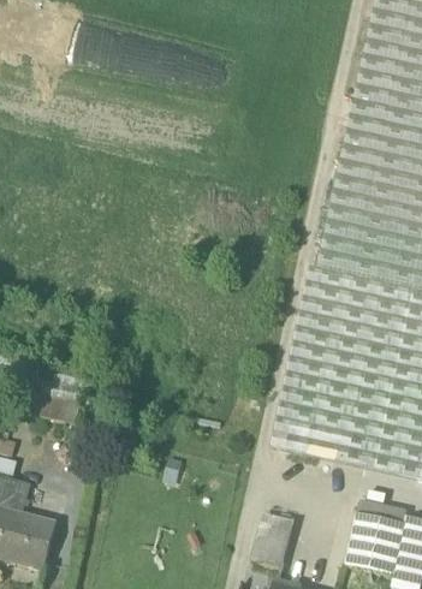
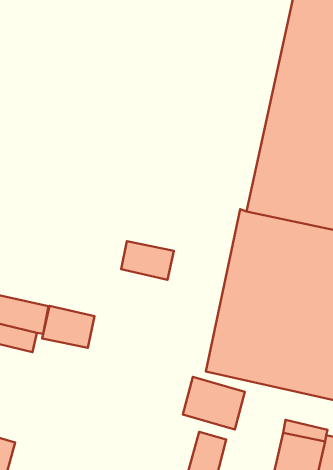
building: none -> [121,241,174,280]
building: none -> [42,306,94,348]
building: none -> [183,377,245,429]

